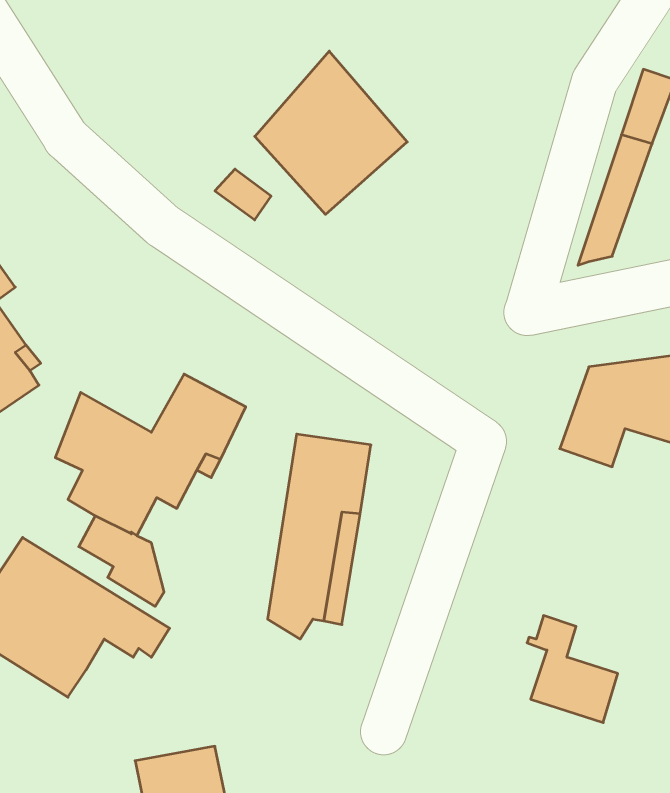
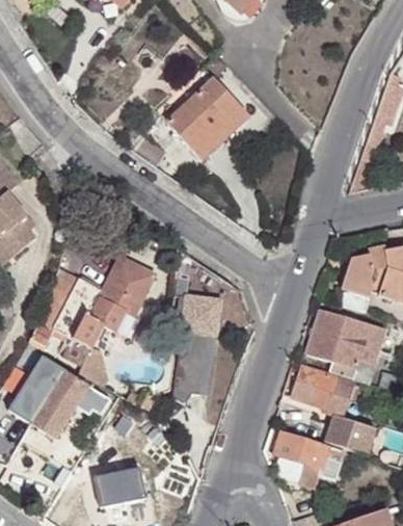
building: none -> [306,308,388,387]
building: none -> [293,366,368,406]
building: none -> [273,429,340,480]

